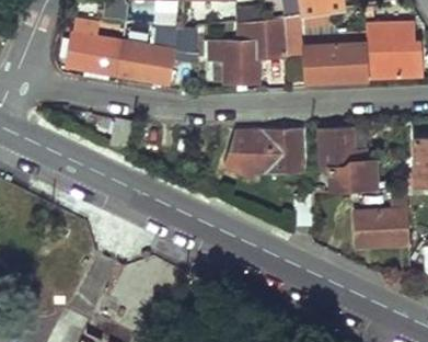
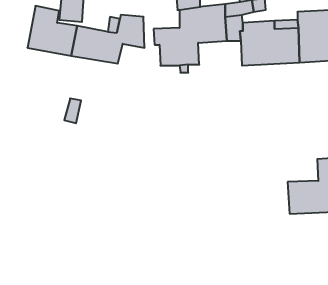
building: [317,127,375,190] -> none
building: [222,129,298,180] -> none

